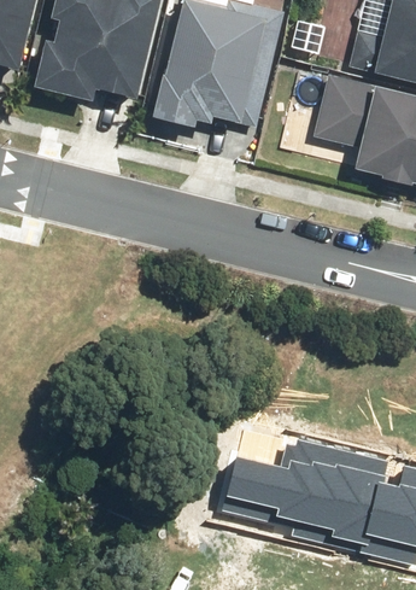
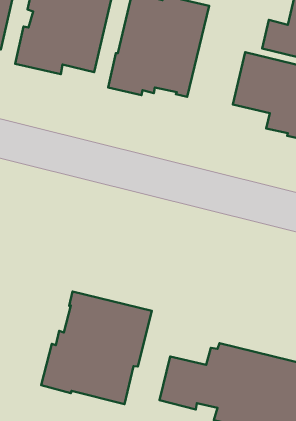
building: none -> [41,291,152,404]

